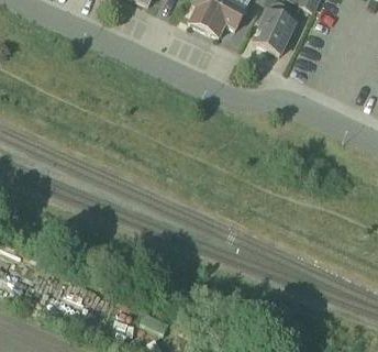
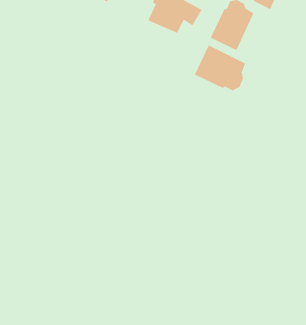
building: none -> [194,44,246,91]

